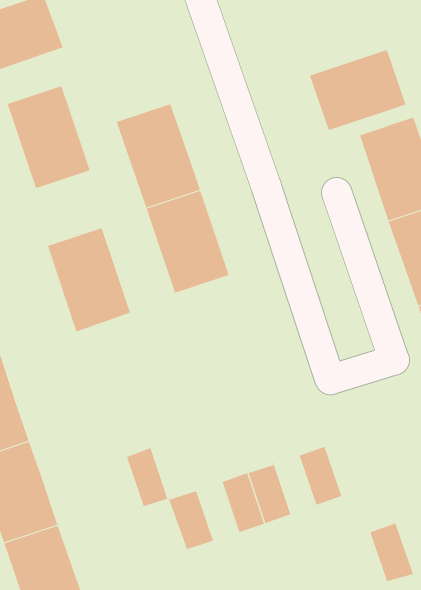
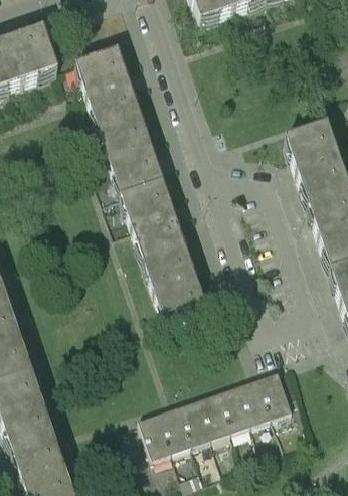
building: [309,49,406,131] -> none
building: [7,85,90,189] -> [76,46,141,126]
building: [47,228,131,332] -> [144,243,208,324]
building: [126,446,168,507] -> [161,401,193,448]
building: none -> [220,381,252,428]
building: [369,522,414,582] -> [259,367,294,414]

